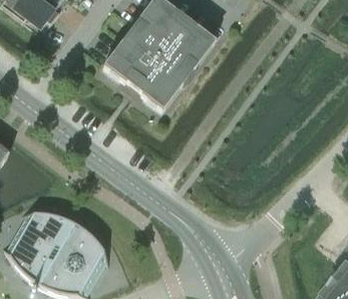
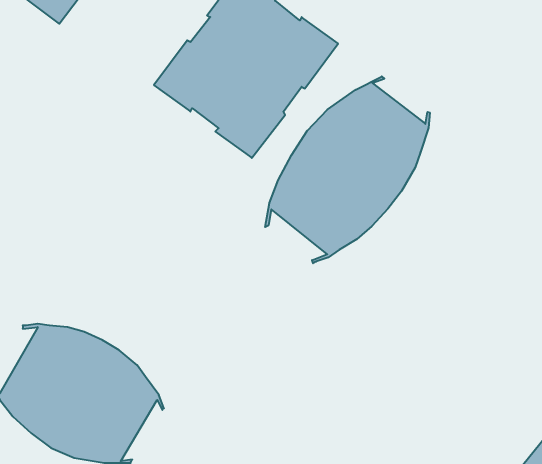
building: none -> [265,76,430,263]

